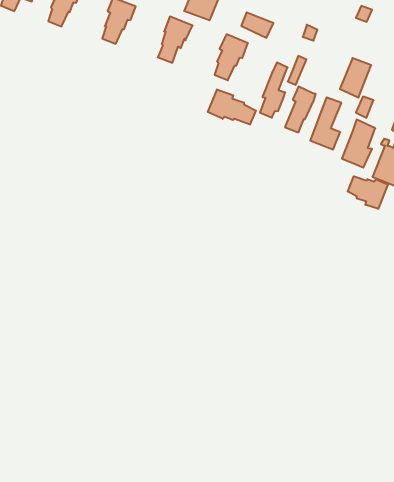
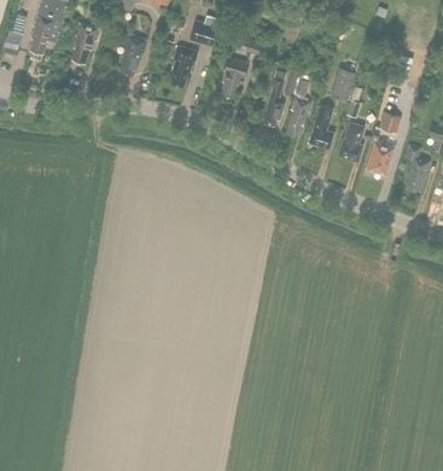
building: [208,89,256,125] -> none
building: [348,176,388,209] -> none

